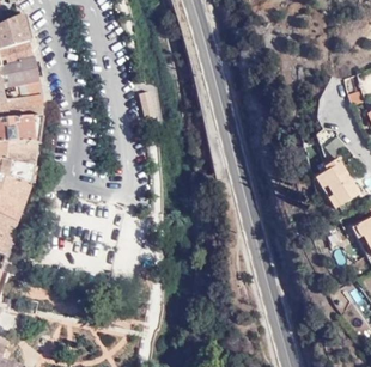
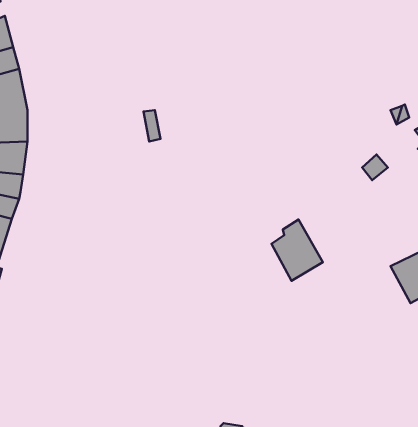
building: [314,151,357,202] -> [271,219,323,281]

